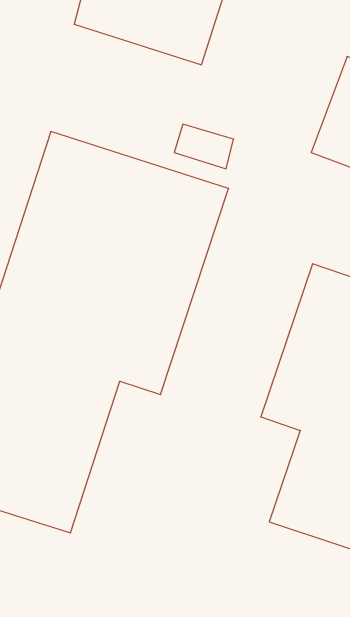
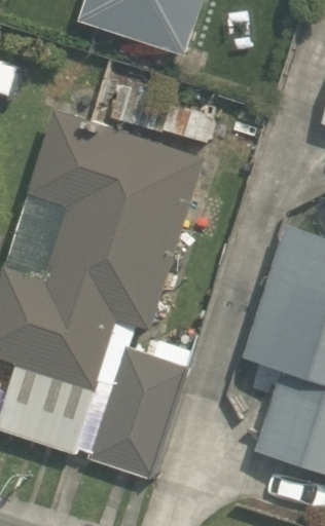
building: none -> [92,351,183,478]

